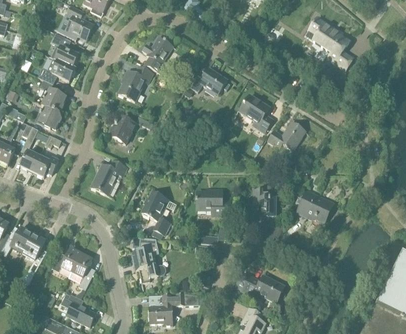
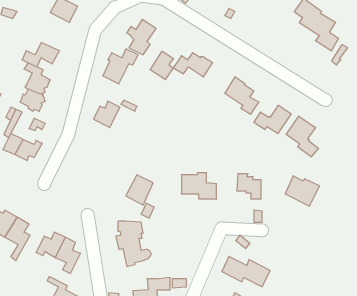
building: [52,33,78,67] -> none
building: none -> [150,51,173,80]
building: none -> [286,116,318,157]
building: [91,161,125,195] -> none

